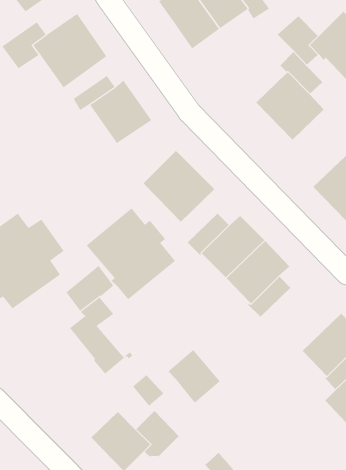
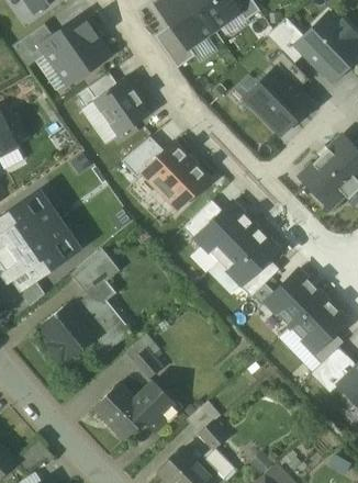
building: none -> [155,25,195,69]
building: none -> [122,137,165,180]
building: [86,207,176,300] -> none
building: none -> [267,270,326,328]
building: none -> [41,302,98,361]
building: [168,349,220,403] -> none

